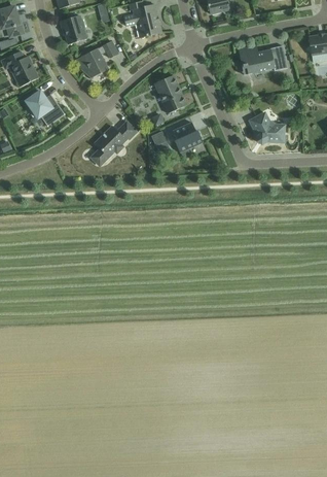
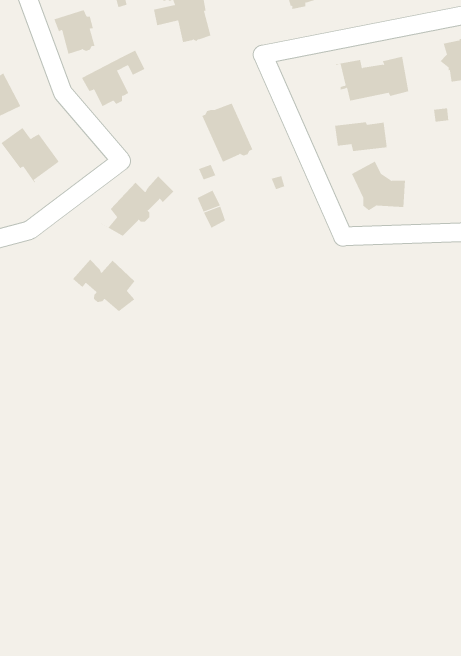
building: none -> [334,121,390,152]
building: [172,123,202,157] -> none
building: none -> [72,259,143,312]

